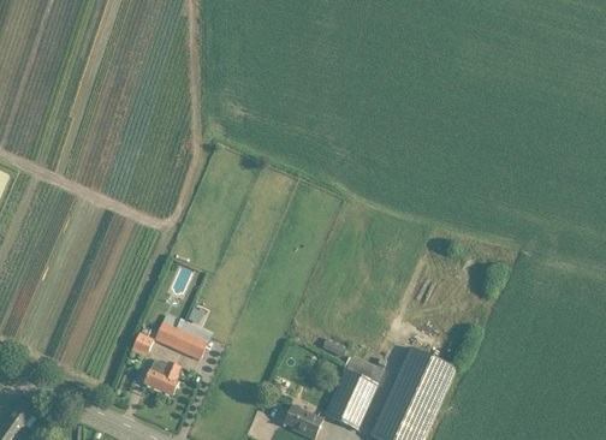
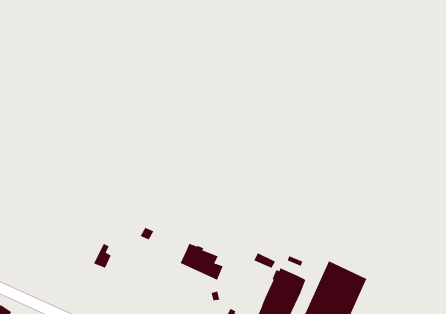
building: [155,315,207,359] -> [180,243,223,280]
building: [143,363,179,396] -> none

